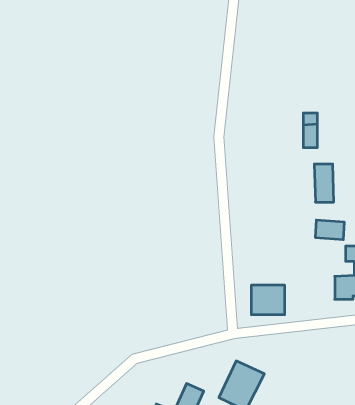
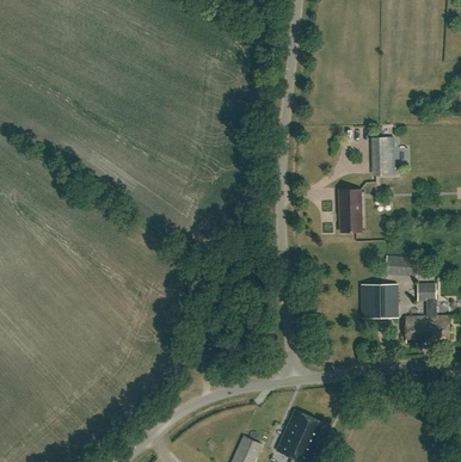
building: [314,164,334,202] -> [340,191,362,233]
building: [251,285,285,315] -> [362,285,399,318]

